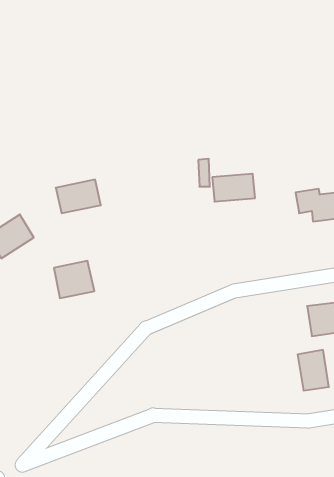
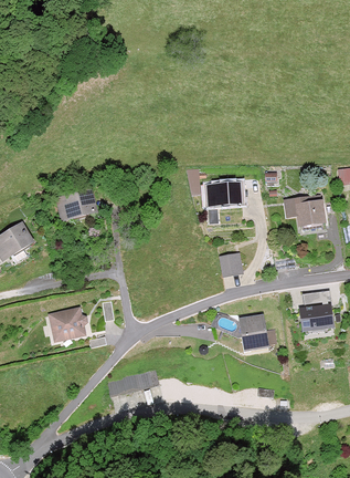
building: none -> [219,252,243,278]
building: [54,261,94,298] -> [47,308,86,343]
building: [298,350,329,390] -> [240,313,269,352]

